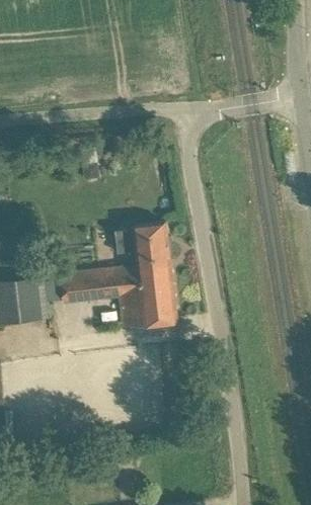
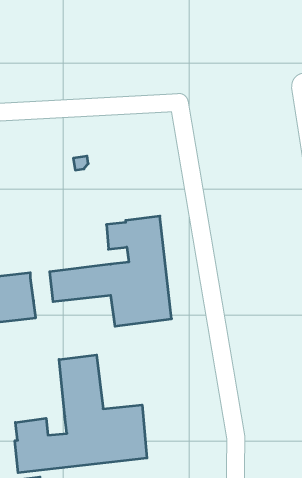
building: none -> [15,355,147,473]

